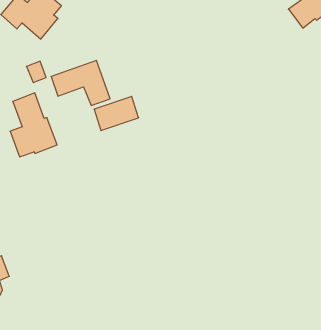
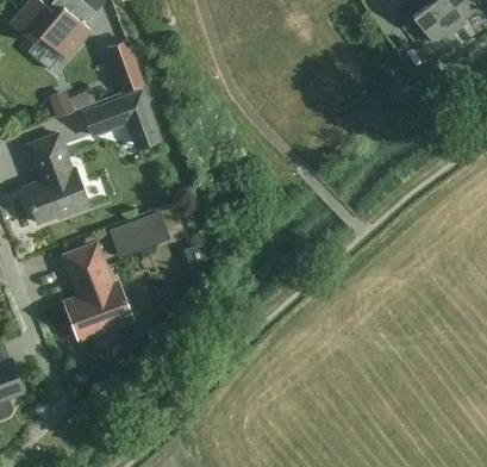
building: none -> [106,41,143,93]
building: [94,96,139,131] -> [106,208,168,256]
building: none -> [67,245,131,338]

